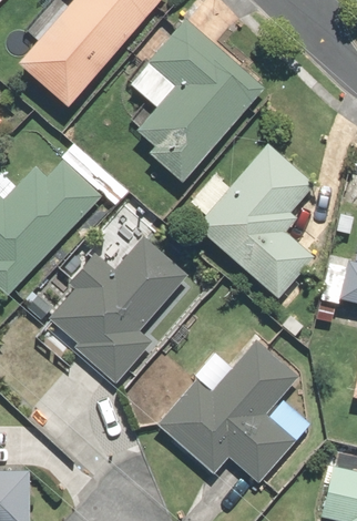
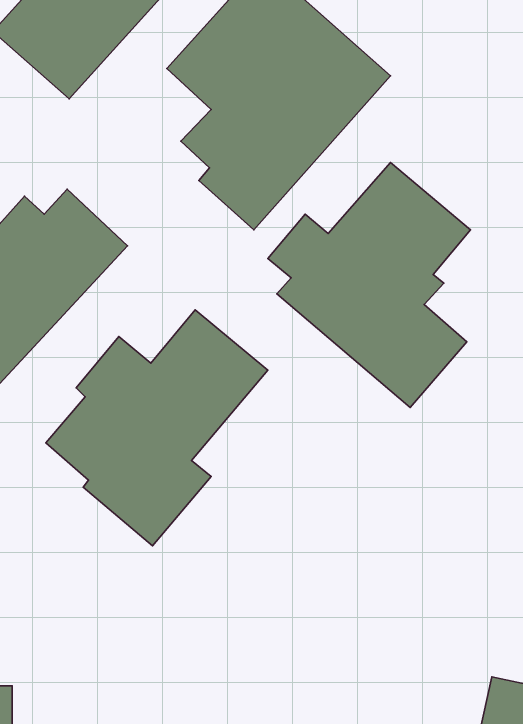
building: [155,337,302,482] -> none

